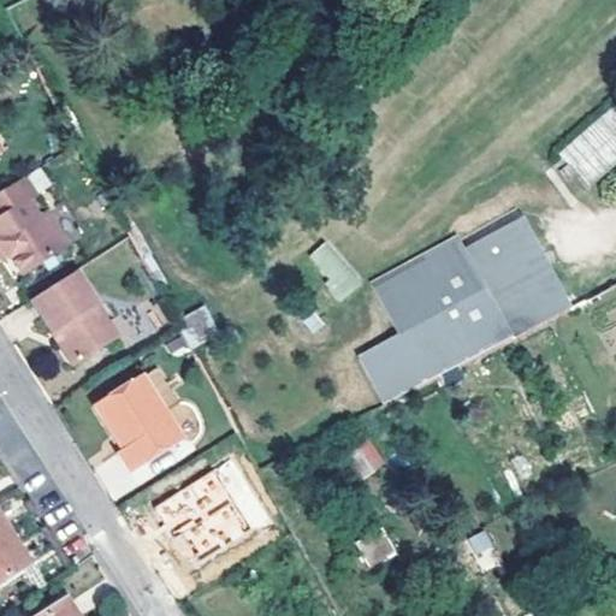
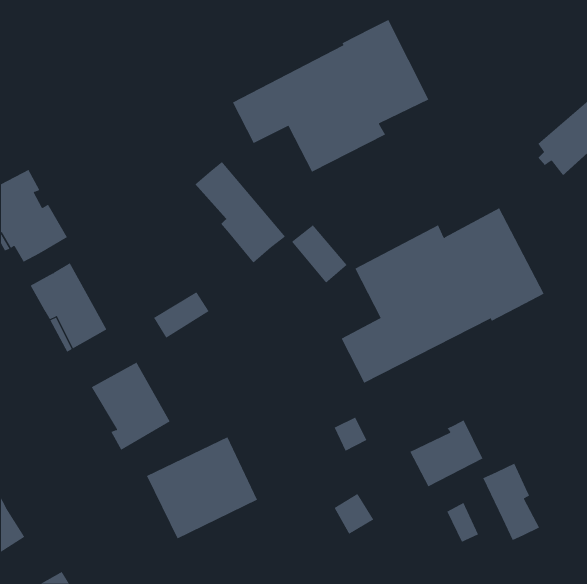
building: none -> [232,19,429,172]
building: none -> [194,161,286,263]
building: none -> [409,420,483,487]
building: none -> [482,463,540,541]

